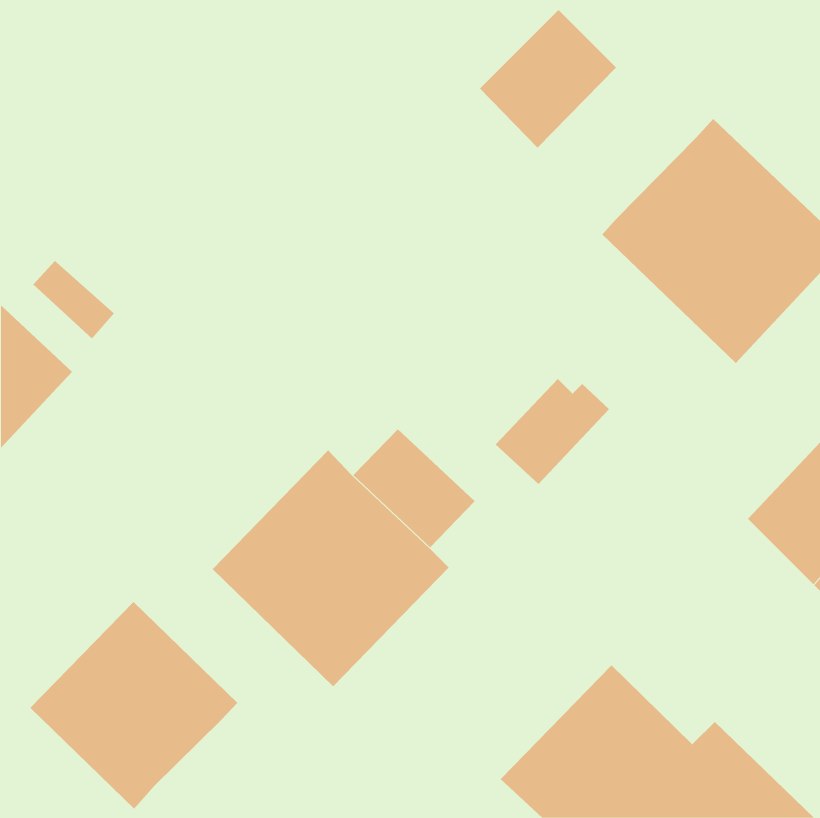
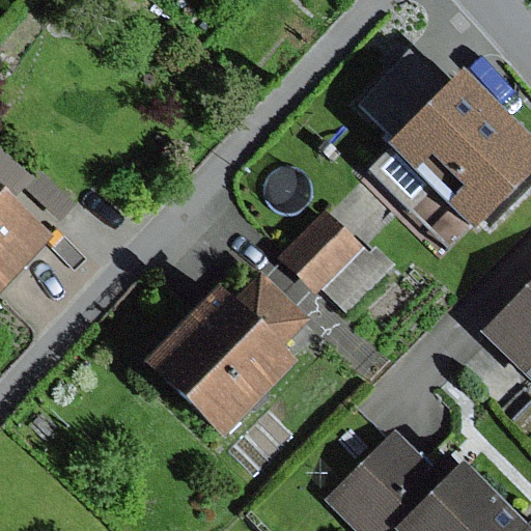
building: [479,9,617,148] -> [362,51,450,140]
building: none -> [280,208,362,291]
building: [30,601,238,810] -> none

